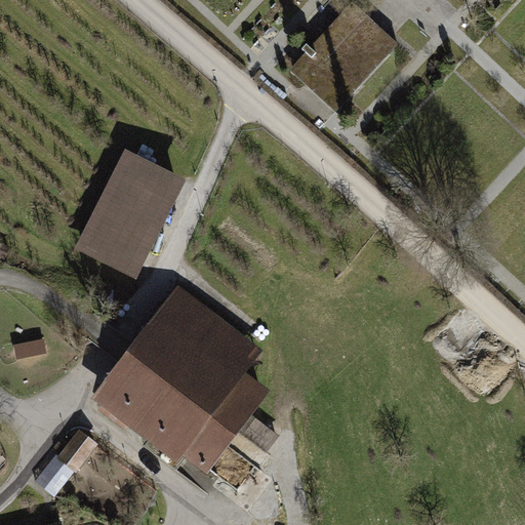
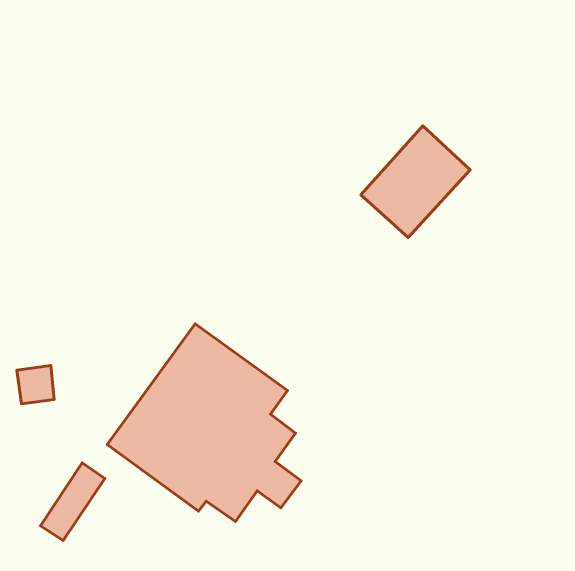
building: [293,4,393,106] -> [361,126,470,238]
building: [70,147,184,277] -> none

